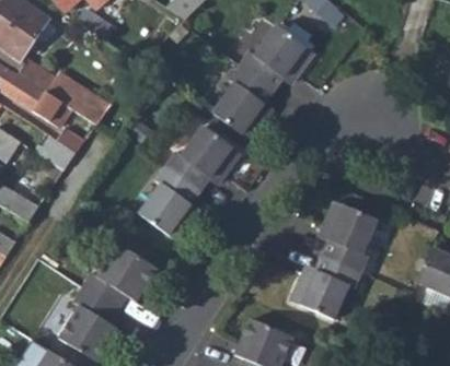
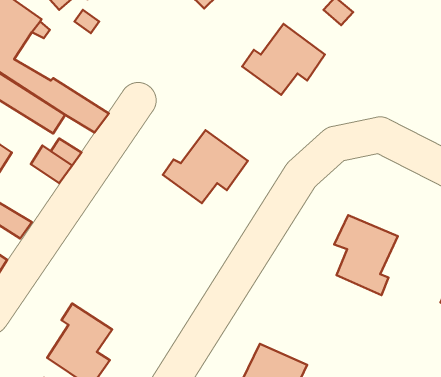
building: [207,62,270,139] -> none
building: [135,163,197,239] -> none
building: [77,239,154,306] -> none
building: [288,256,364,320] -> none

